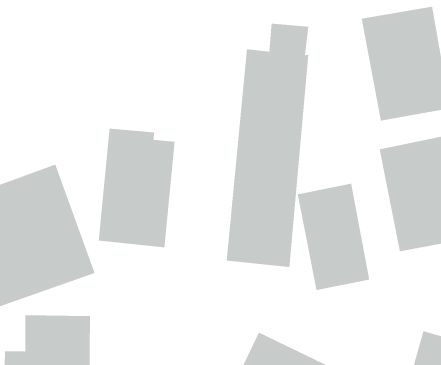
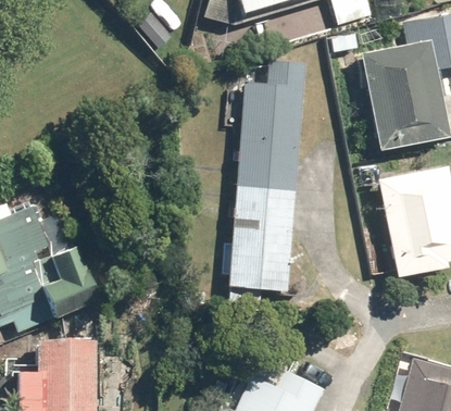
building: [98,128,175,248] -> none
building: [297,183,370,291] -> none

